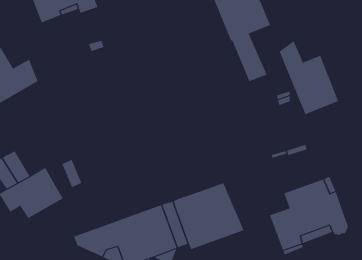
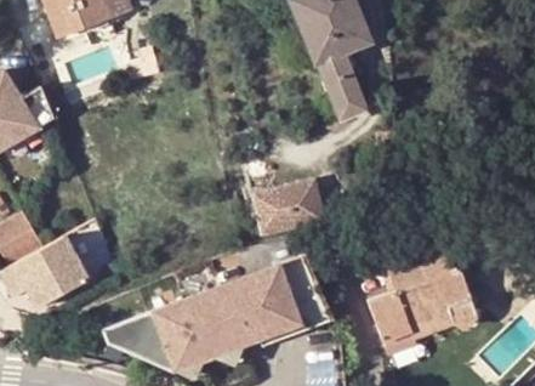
building: [279,40,339,115] -> none
building: none -> [252,178,321,233]

